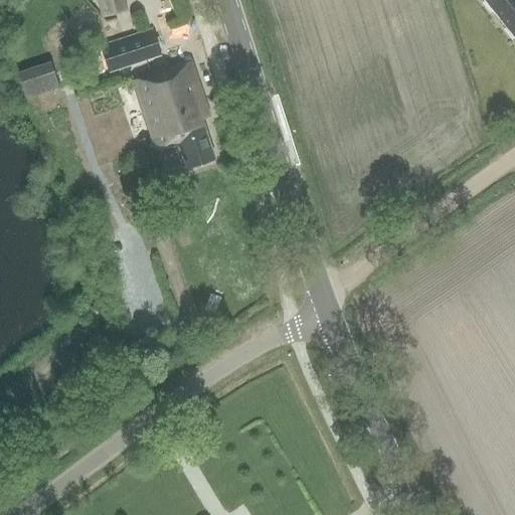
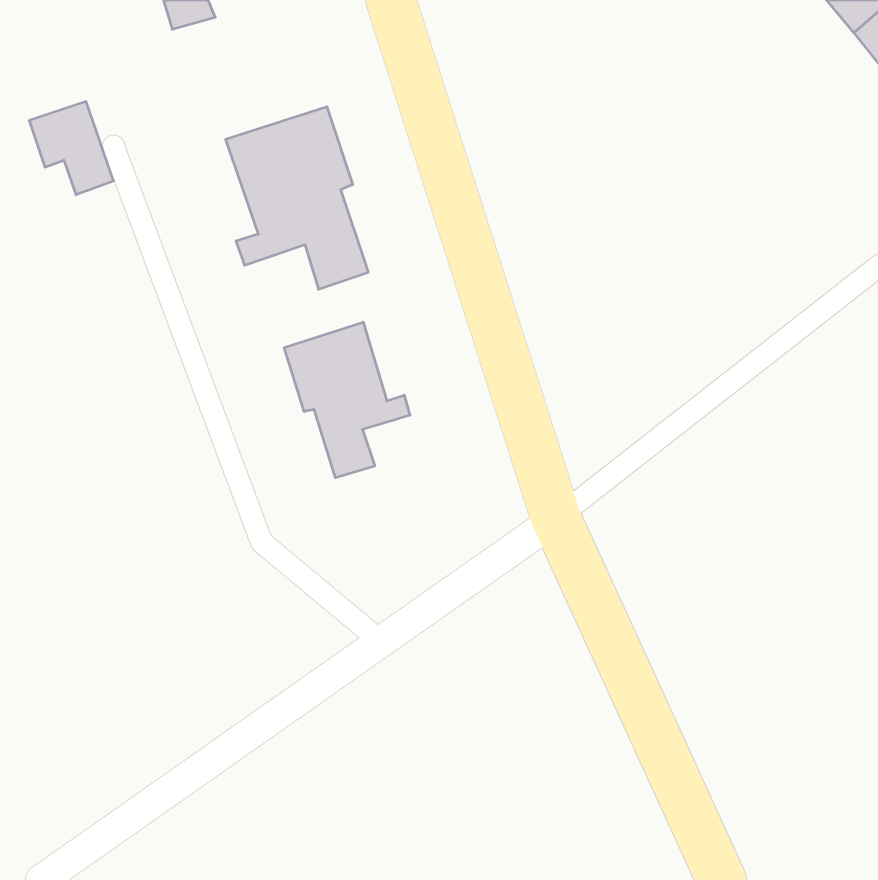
building: [106,16,162,69] -> none
building: none -> [284,322,410,478]

